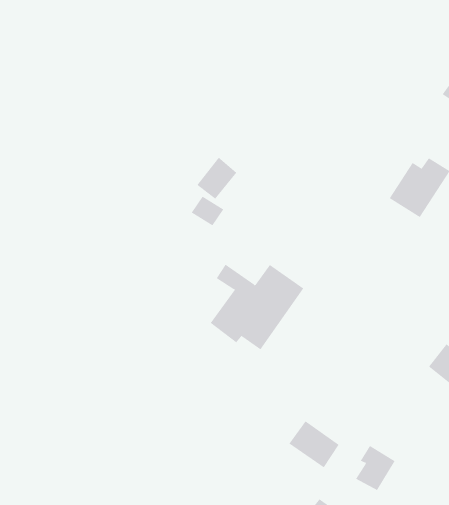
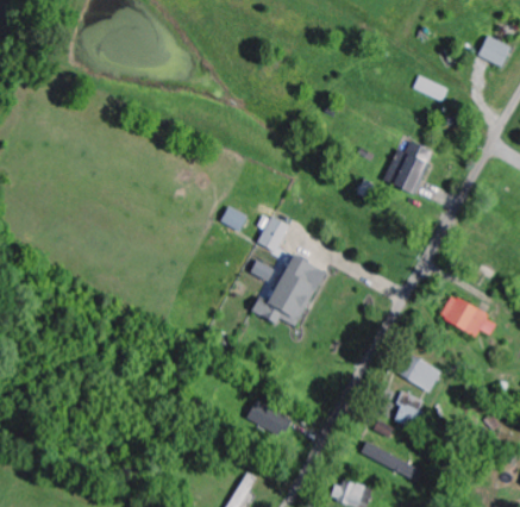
building: [197,157,237,199] -> [257,215,289,251]
building: [288,421,340,468] -> [397,353,440,390]
building: none -> [251,400,284,430]

